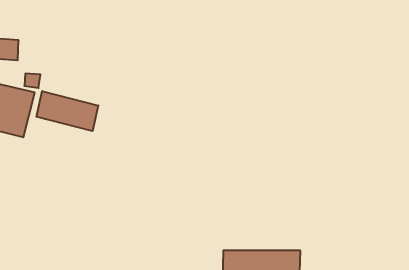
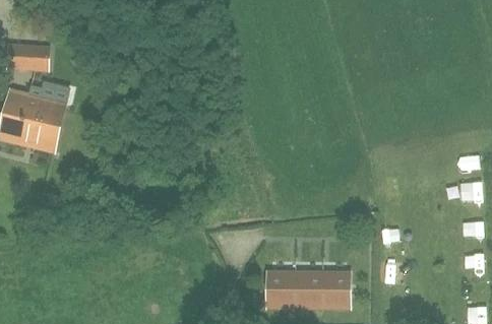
building: [36,91,98,131] -> none

